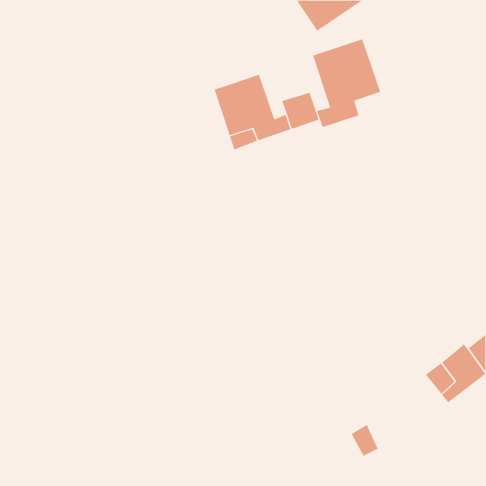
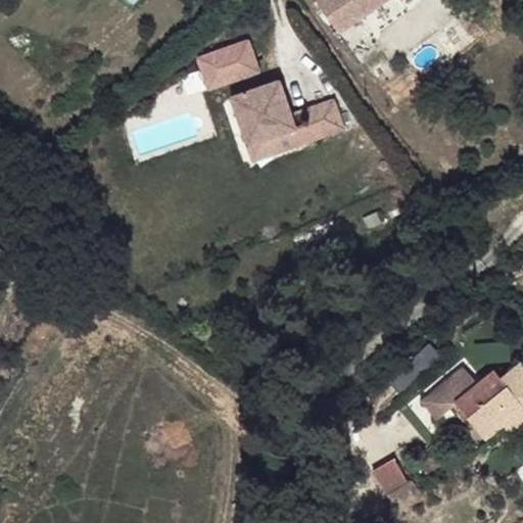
building: none -> [197,38,264,91]
building: [313,39,381,128] -> none
building: none -> [421,366,478,419]

